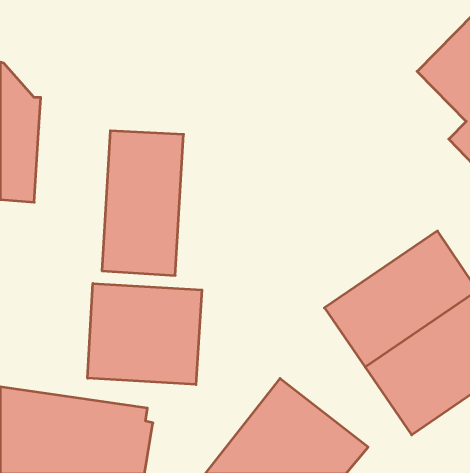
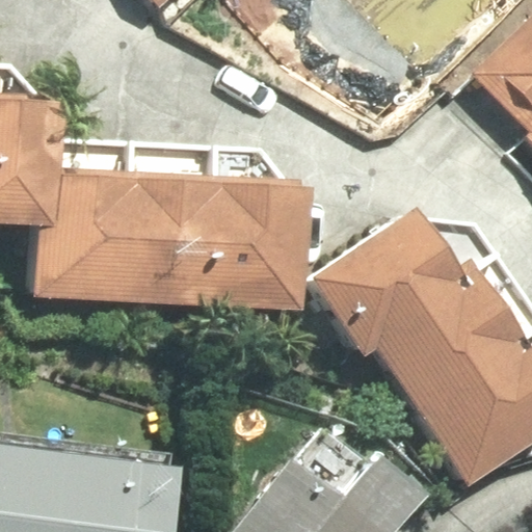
building: none -> [38,143,128,304]
building: none -> [201,152,303,316]
building: none -> [314,217,495,351]
building: [88,283,202,385] -> none

